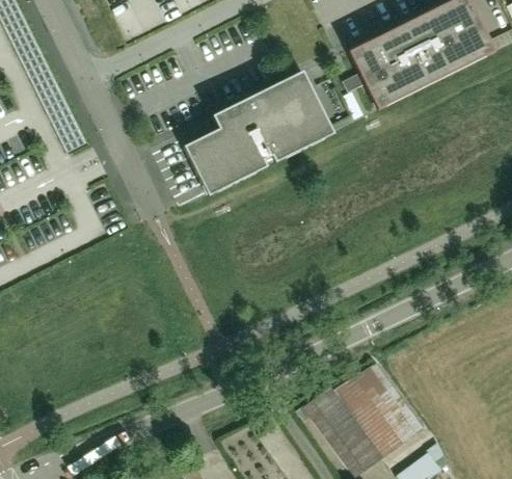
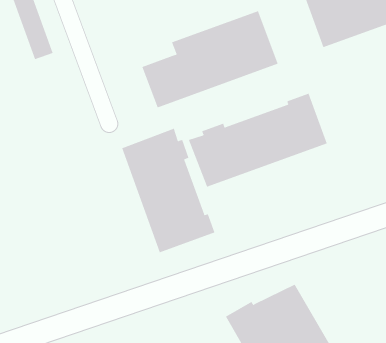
building: none -> [188,93,327,188]
building: none -> [121,128,215,253]

